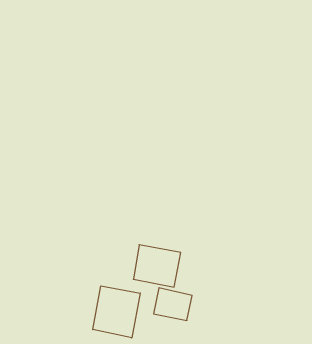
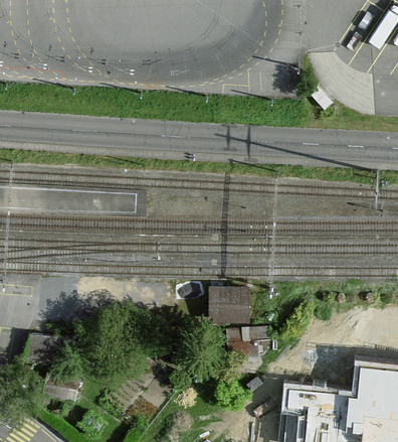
building: [93,286,140,338] -> none

